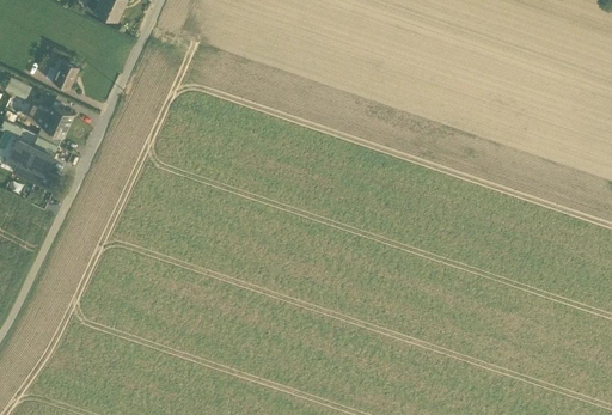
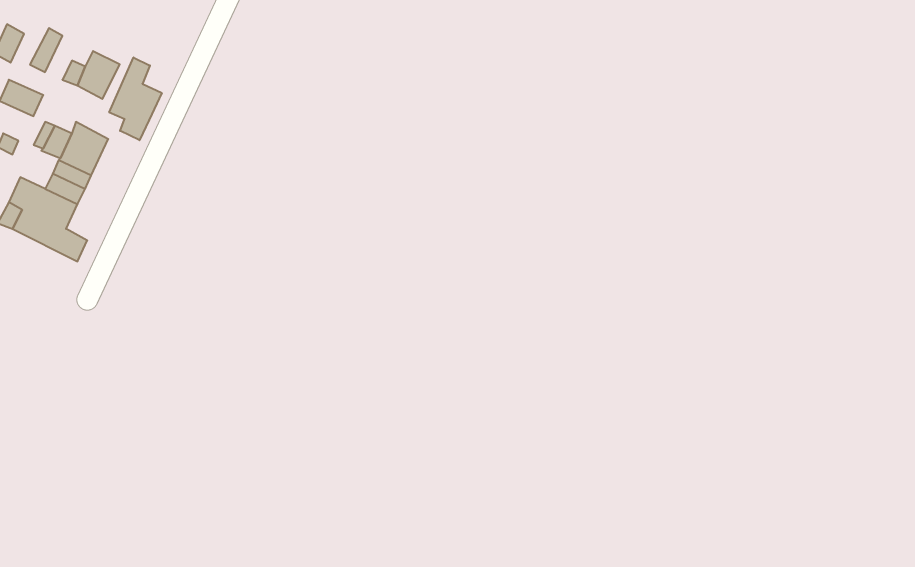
building: none -> [109,57,162,140]

